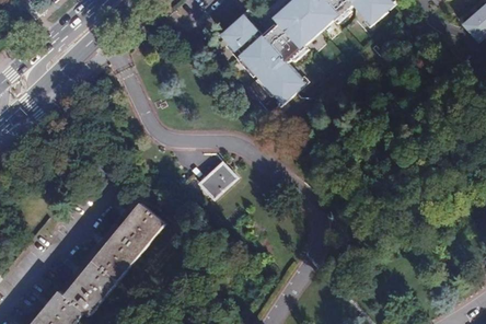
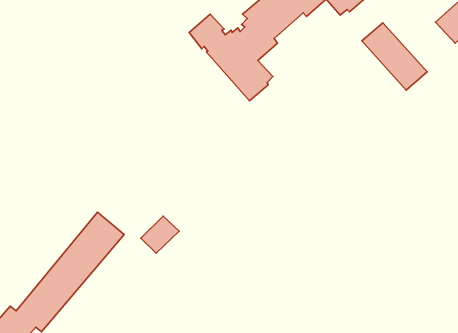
building: none -> [362,23,427,90]
building: [199,164,235,199] -> [141,216,179,253]

